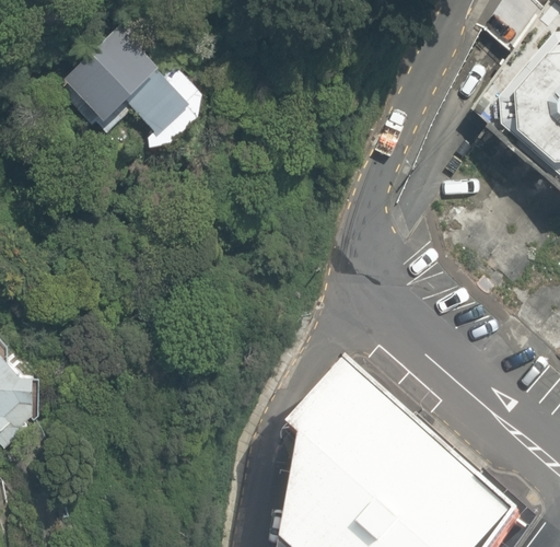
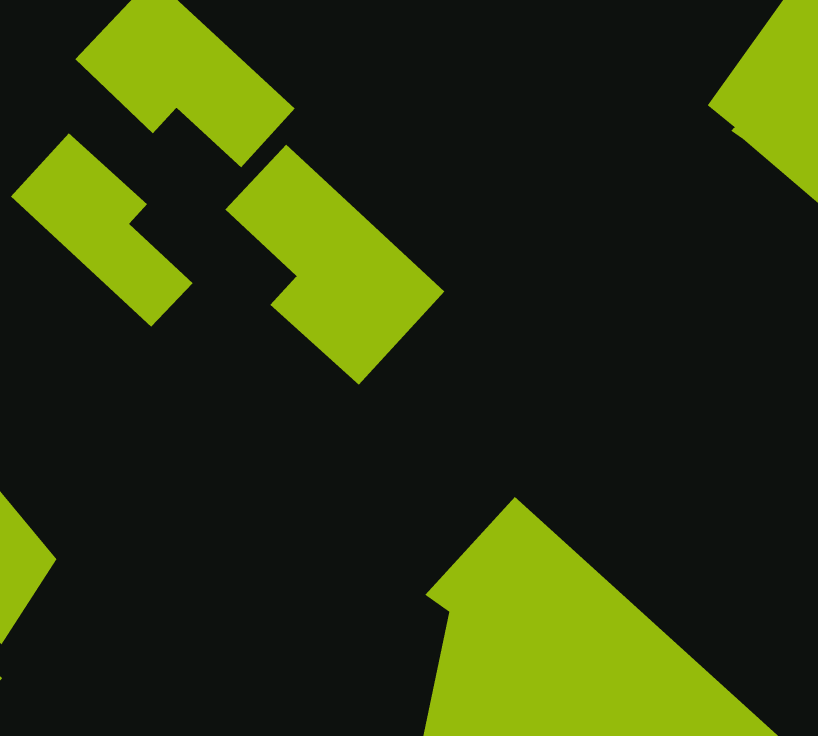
building: none -> [10,132,193,328]
building: none -> [225,144,445,386]

